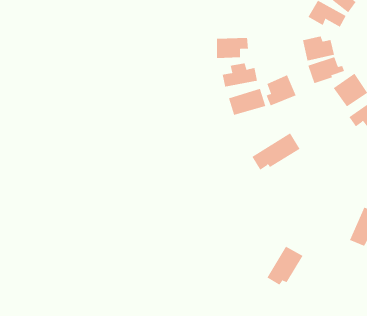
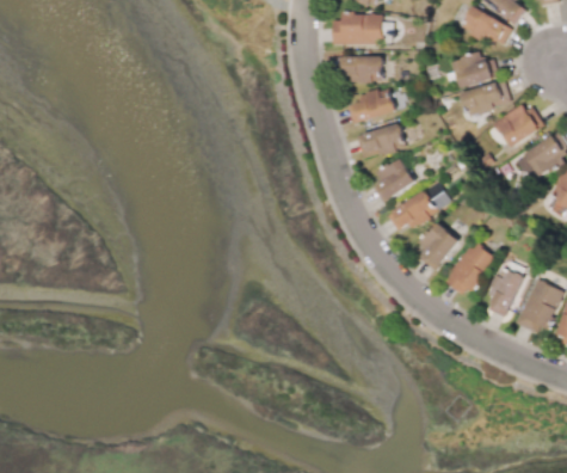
building: none -> [333,12,382,45]
building: [266,75,296,106] -> [375,159,415,201]
building: none -> [413,222,460,270]
building: none -> [487,269,524,318]
building: [266,246,303,286] -> [445,241,494,294]

